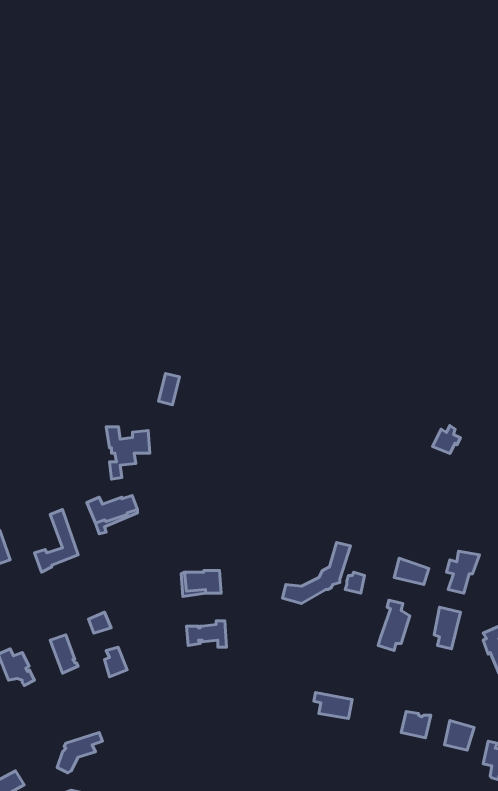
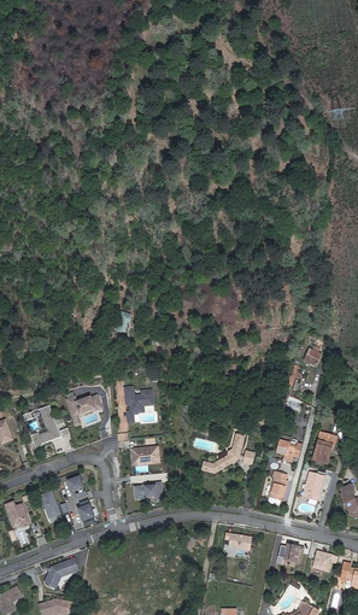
building: [106,427,150,479] -> [124,386,154,422]

